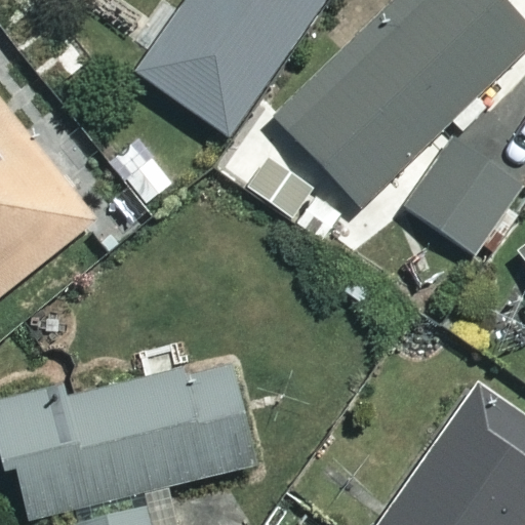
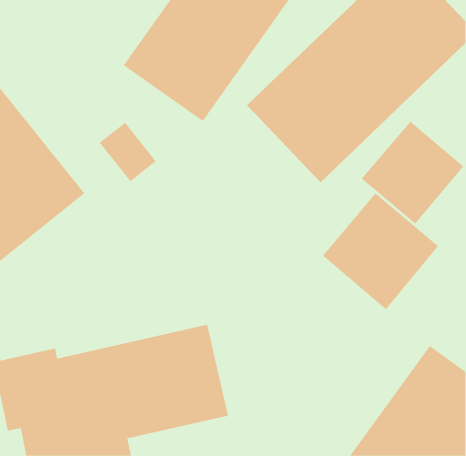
building: none -> [322,193,439,310]

